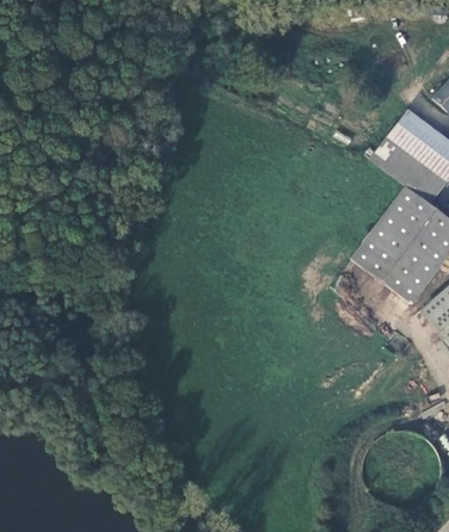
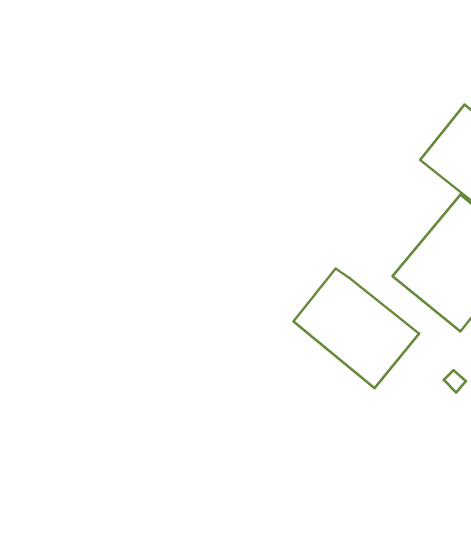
building: none -> [294,269,419,388]

